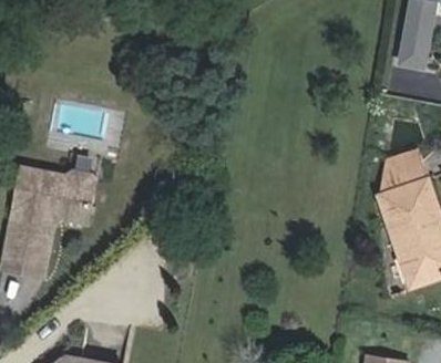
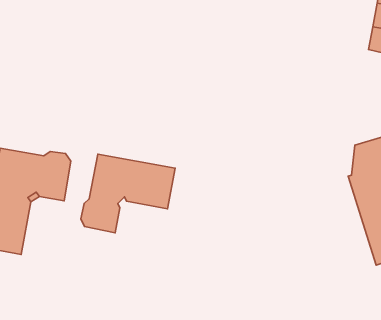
building: none -> [81,154,175,233]

